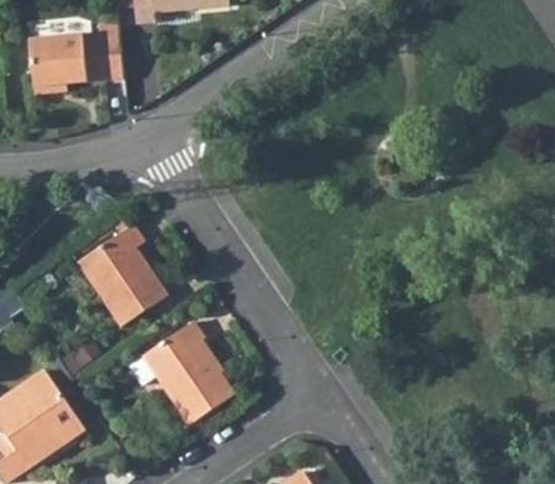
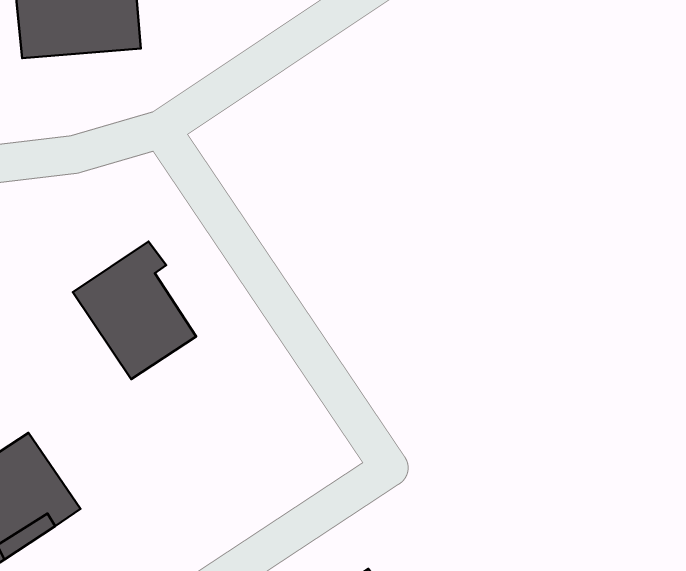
building: [124,324,227,426] -> none

